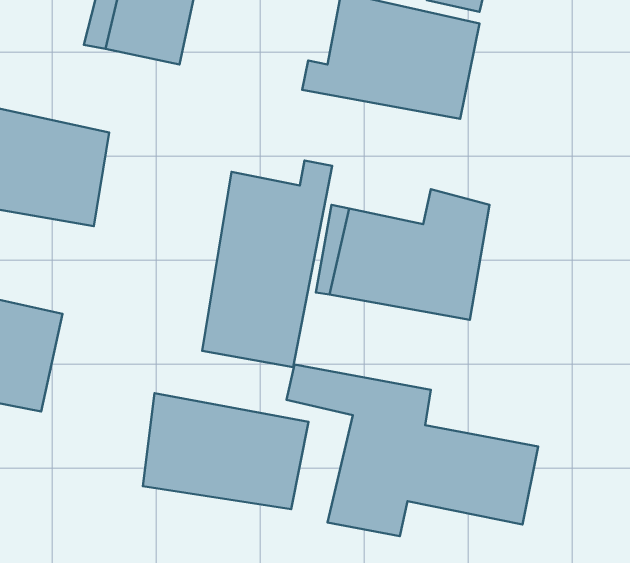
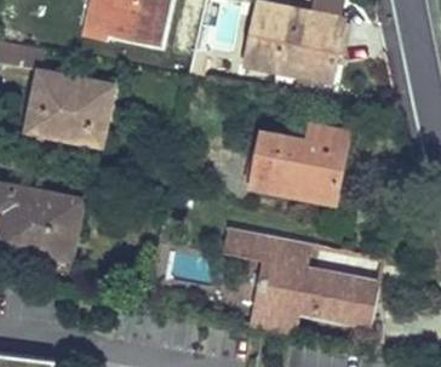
building: [202,161,332,367] -> none
building: [143,393,308,509] -> none

